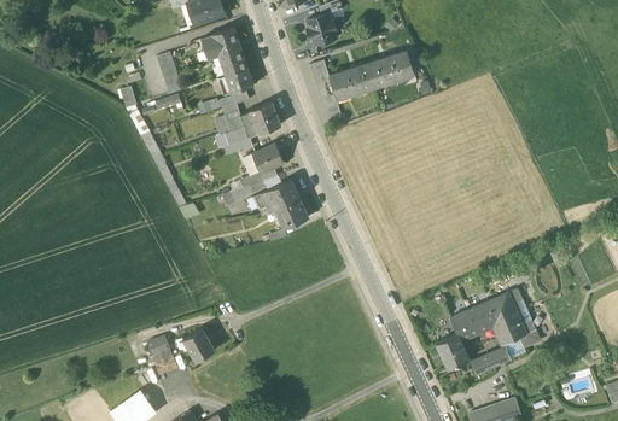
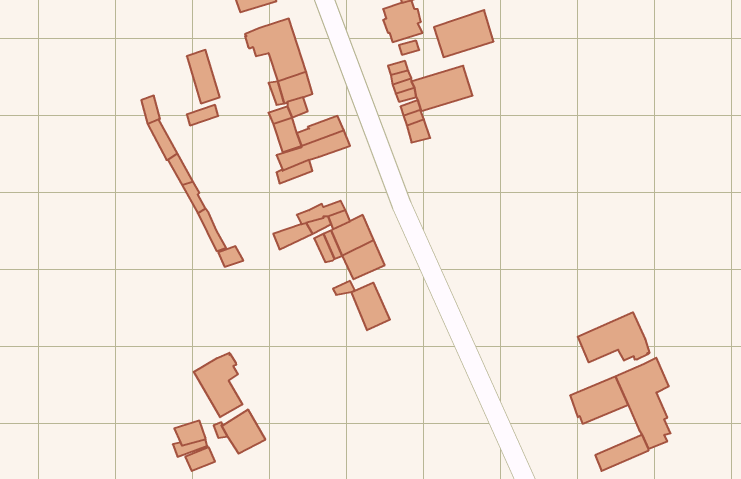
building: [368,51,414,87] -> [434,10,494,57]
building: [243,144,284,175] -> none
building: none -> [351,283,390,330]
building: none -> [578,312,649,362]
building: none -> [194,353,242,417]
building: [436,333,470,369] -> none

